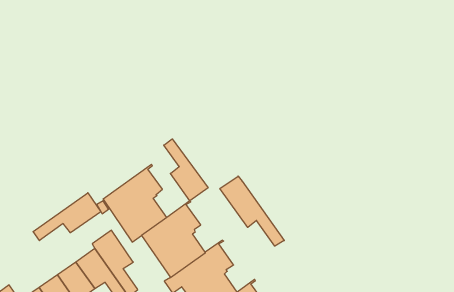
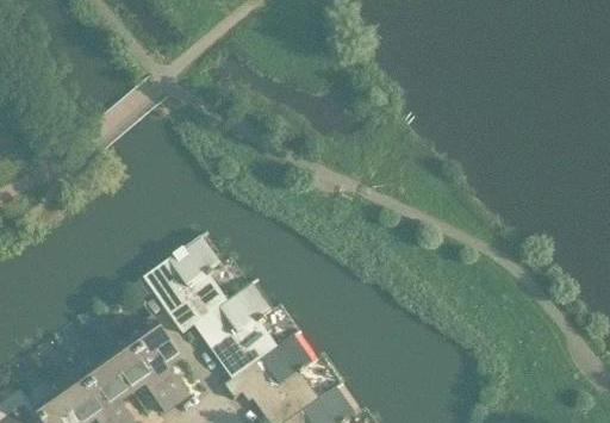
building: [164,139,208,201] -> none
building: [220,176,284,246] -> none
building: [33,193,101,241] -> none

